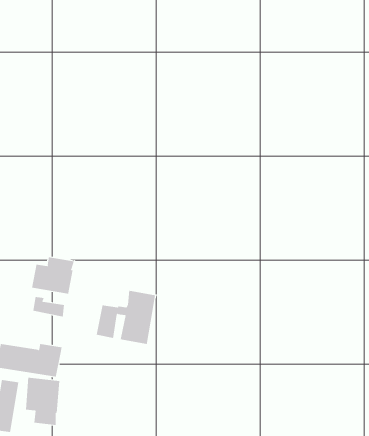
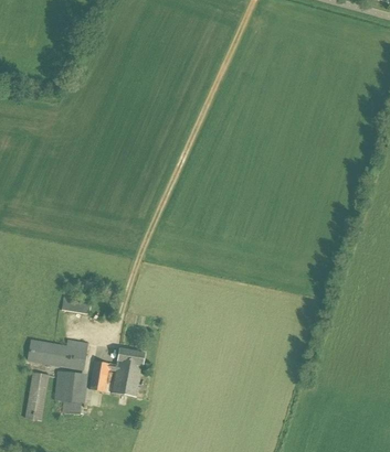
building: [32,256,75,294] -> none
building: [96,290,156,344] -> [88,347,144,397]

